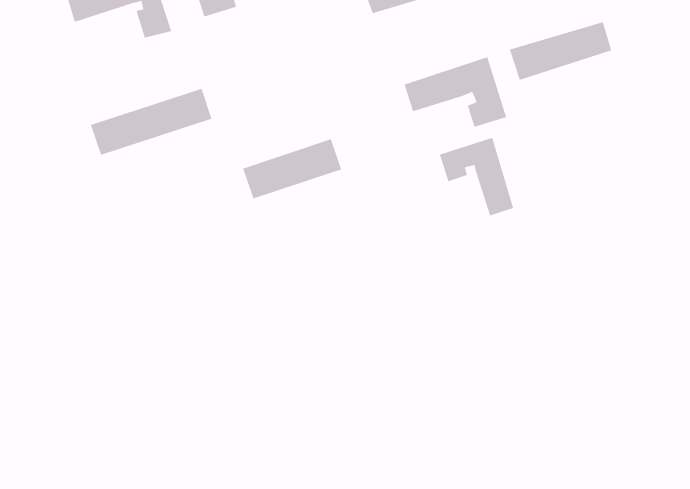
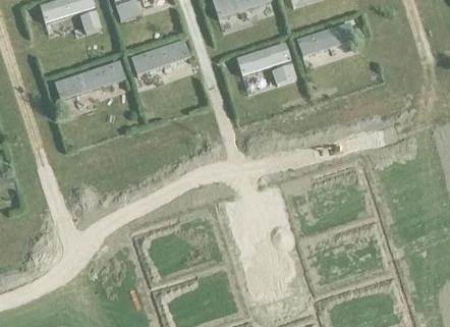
building: [439,137,514,216] -> none
building: [242,138,342,200] -> [131,39,189,74]

